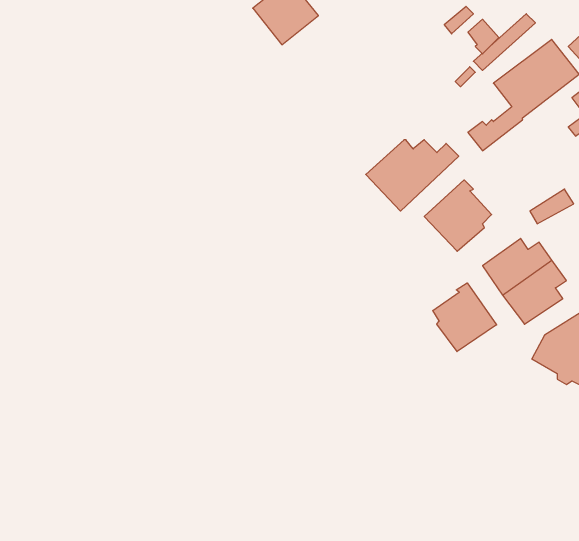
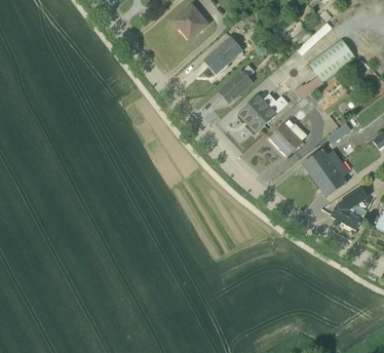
building: none -> [203,32,243,73]
building: none -> [218,68,254,103]
building: [433,283,497,352] -> none

